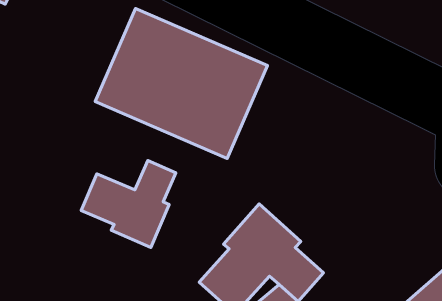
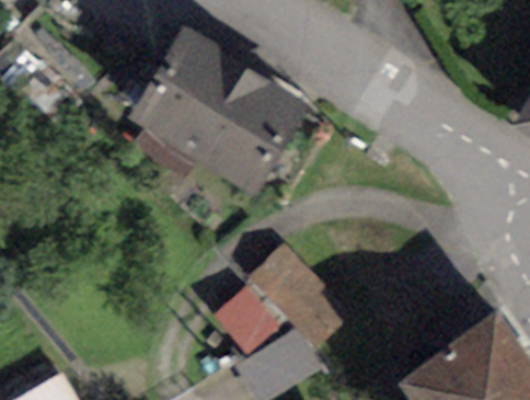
building: [81,161,176,248] -> none

